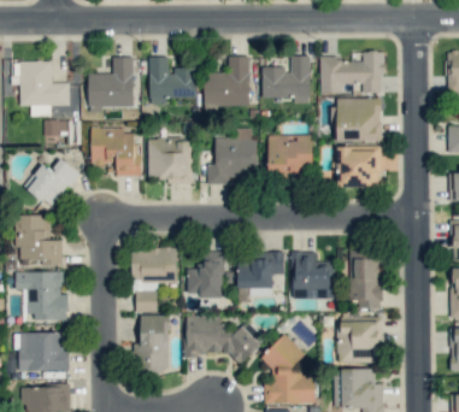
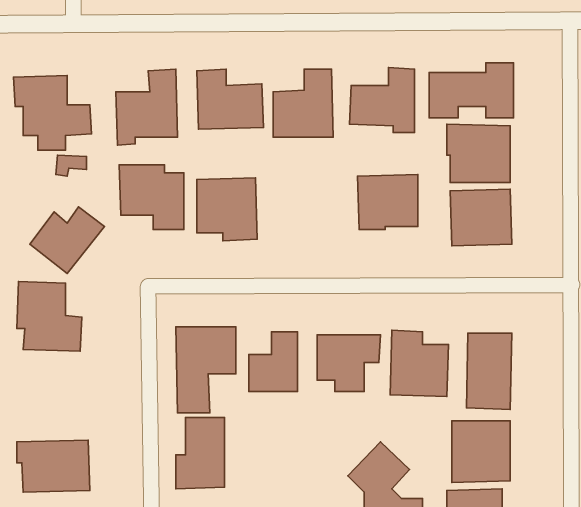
building: [207,129,257,182] -> none
building: [16,272,69,319] -> none
building: [183,317,261,365] -> none

